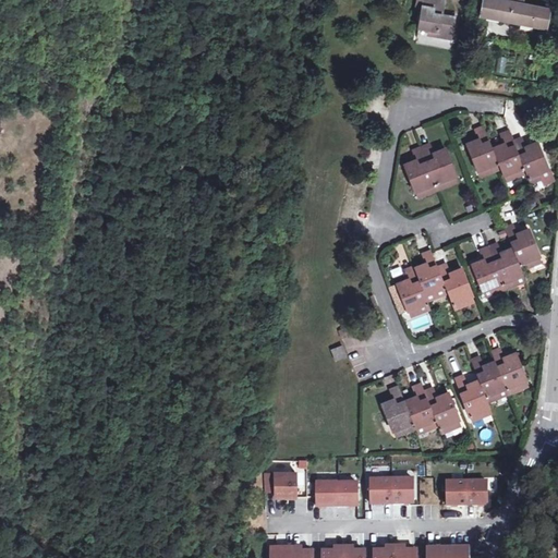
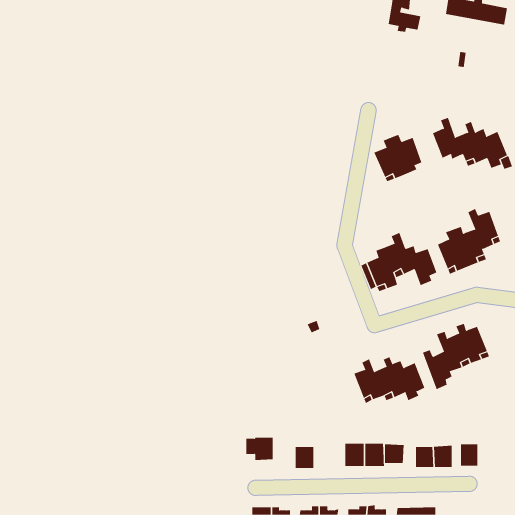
building: none -> [461,443,478,466]
building: none -> [385,443,404,464]
building: [339,483,359,506] -> none

